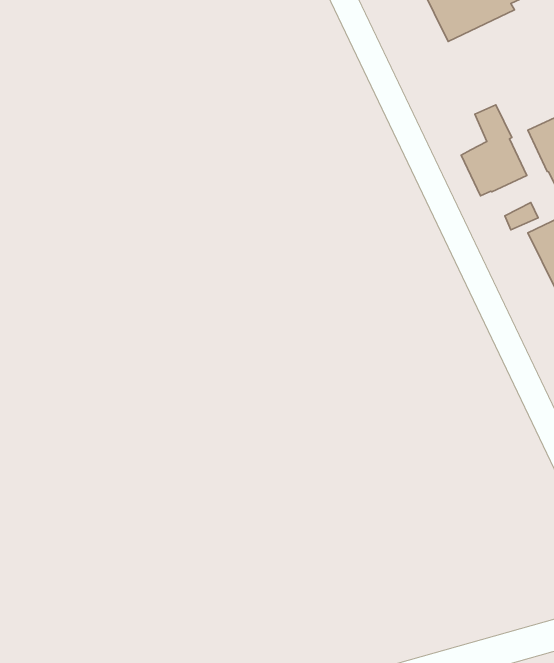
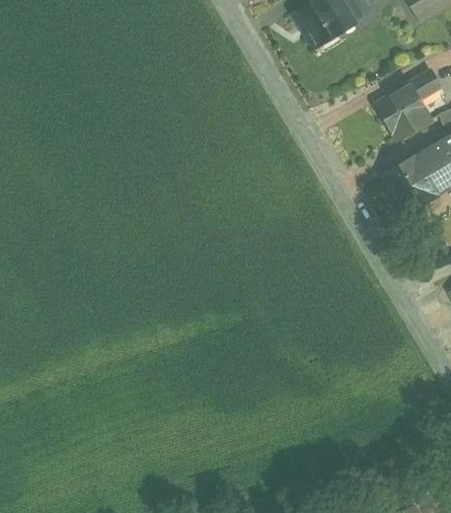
building: [461,105,527,196] -> none

